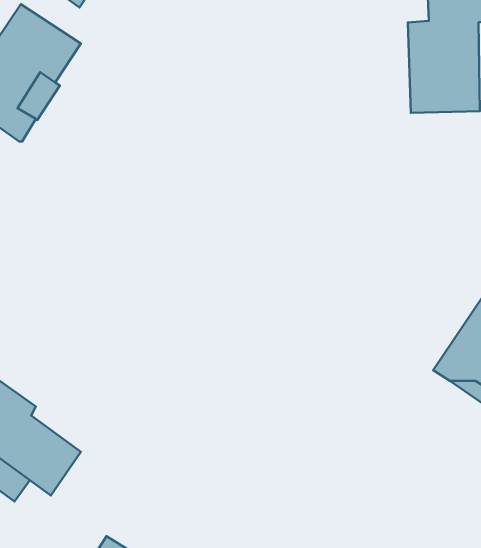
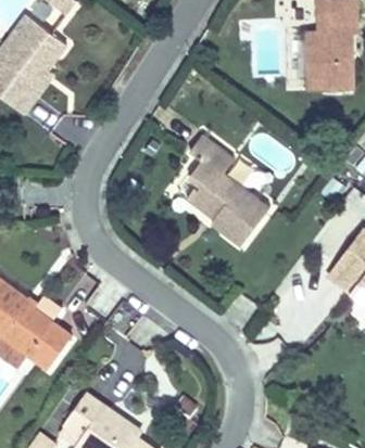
building: none -> [187,138,268,251]

